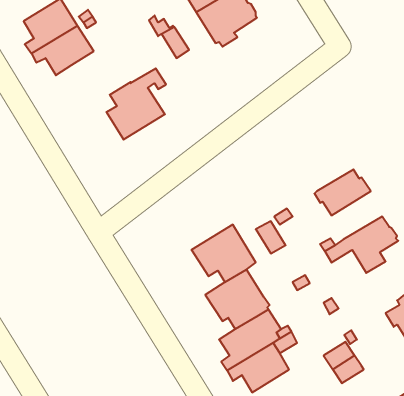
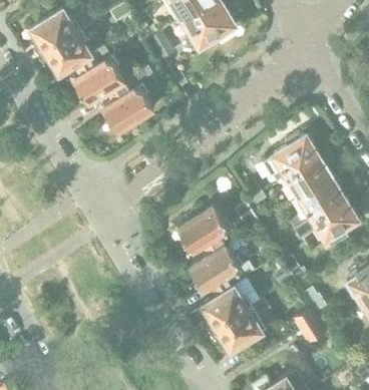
building: none -> [72,48,123,104]
building: none -> [262,135,318,183]
building: none -> [299,177,343,220]

